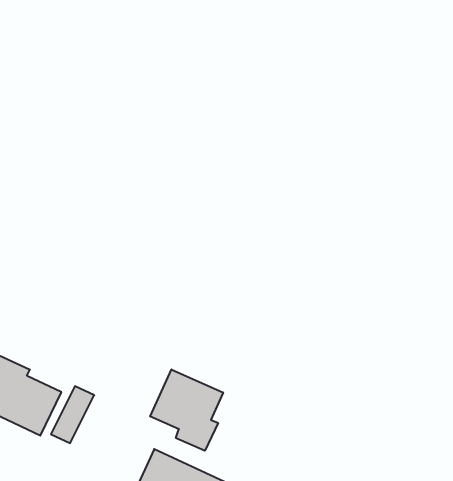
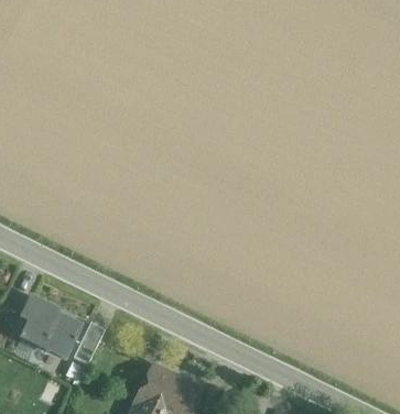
building: [150,369,223,451] -> none

